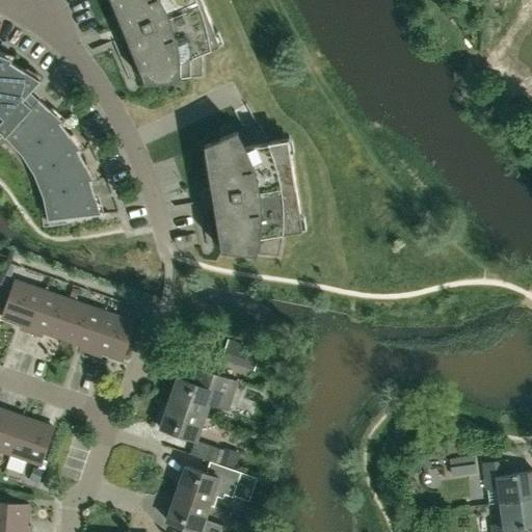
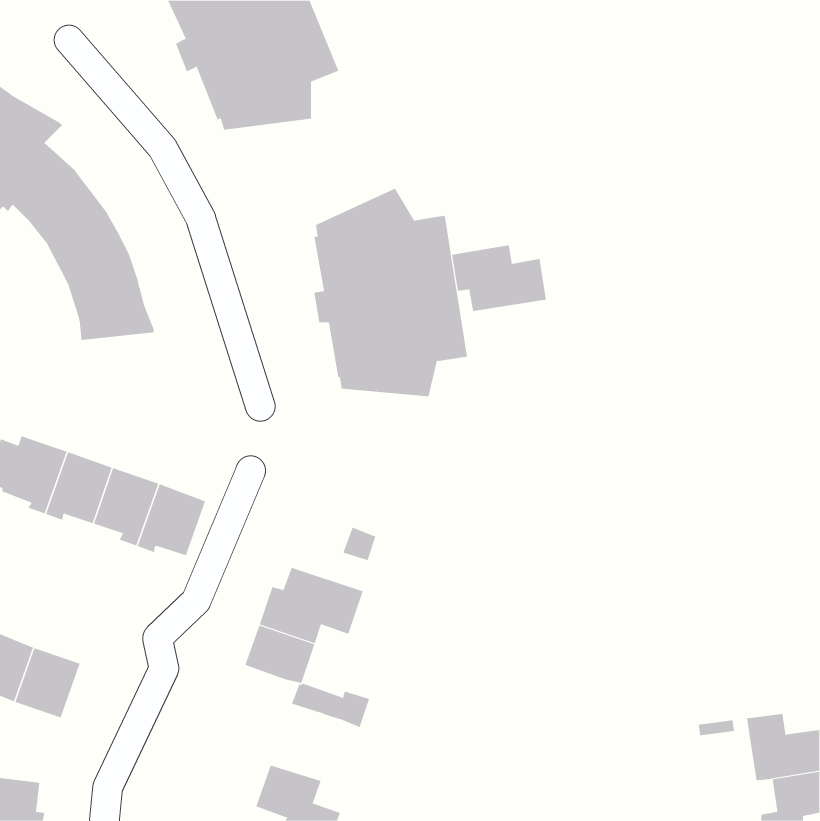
building: none -> [452,245,547,312]
building: [175,461,240,506] -> none

